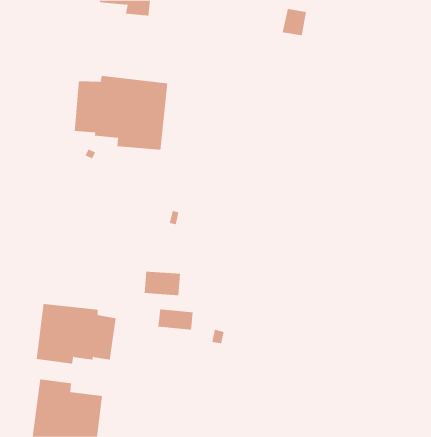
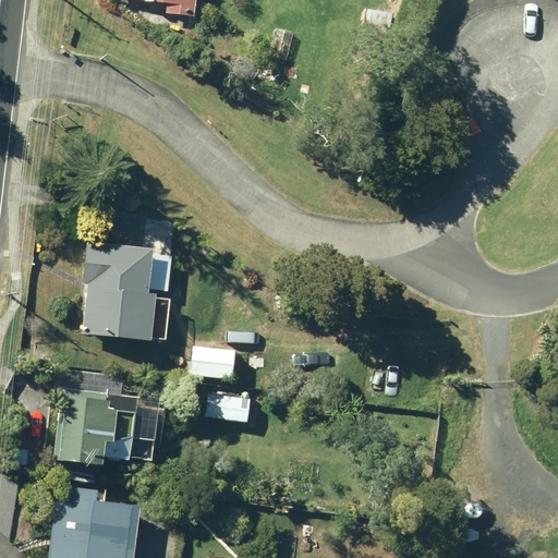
building: [74,75,168,150] -> none
building: none -> [84,241,177,339]

